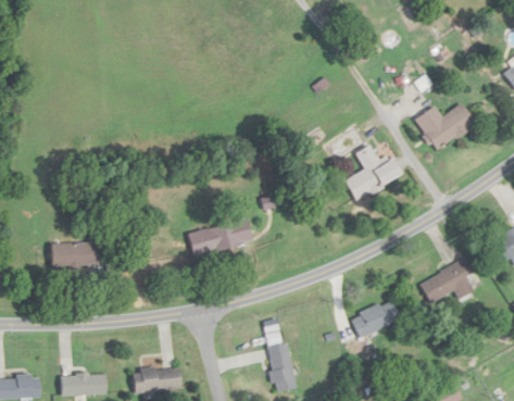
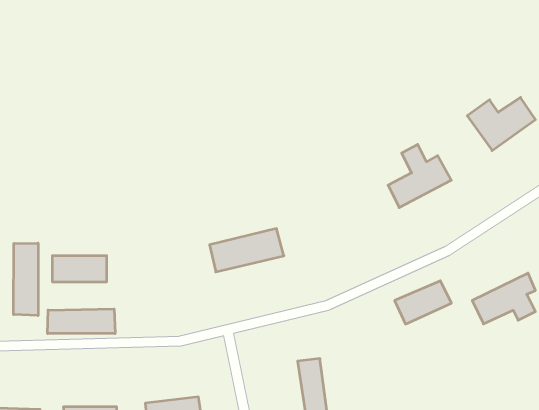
building: none -> [14,243,38,316]
building: none -> [48,309,115,334]
building: [350,300,400,338] -> [395,281,451,324]

